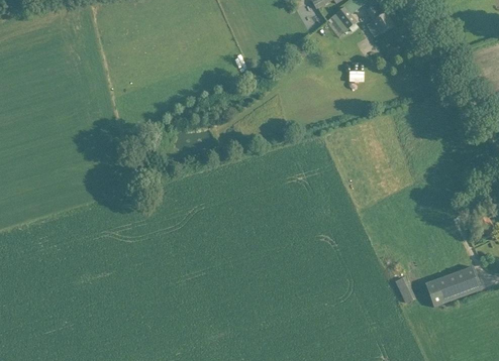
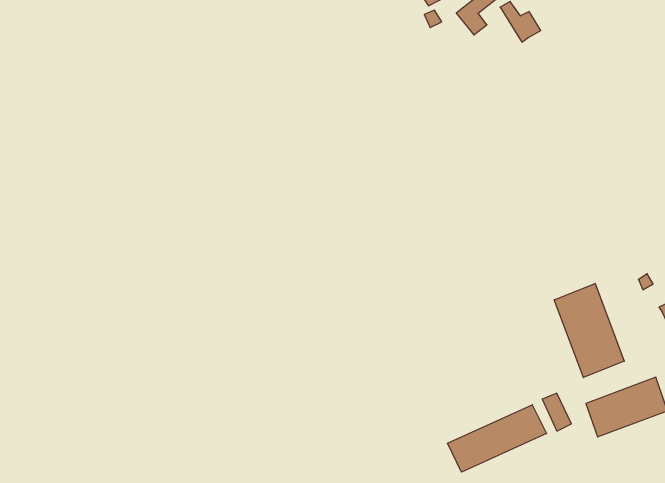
building: none -> [554,283,624,378]
building: none -> [447,405,547,472]

